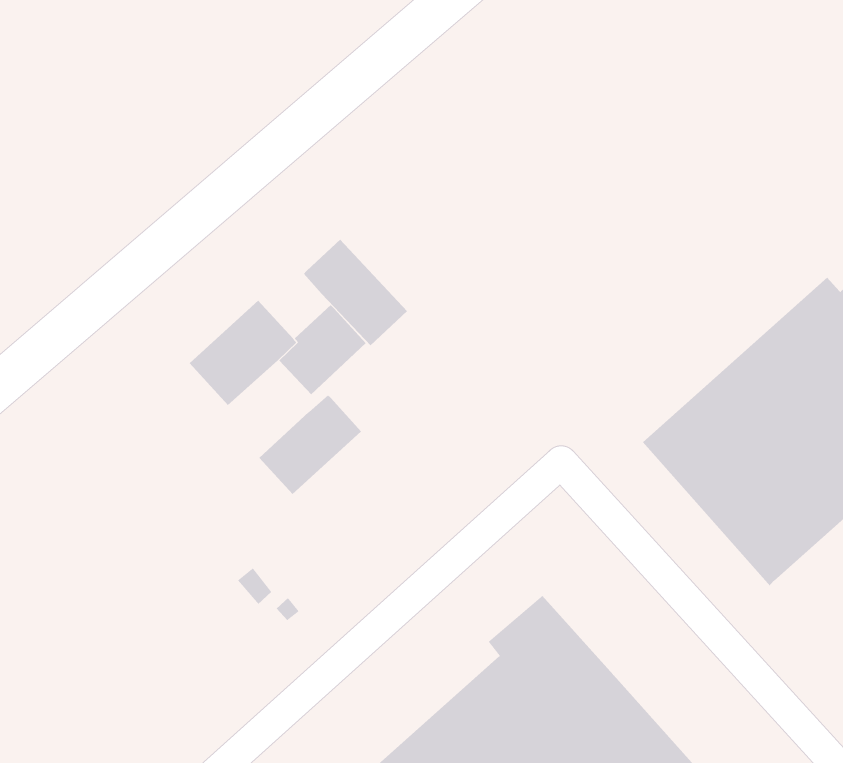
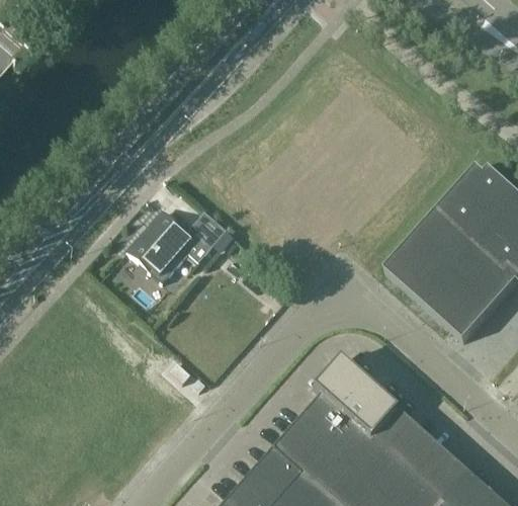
building: [303,239,408,346] -> none
building: [259,395,362,495] -> none

